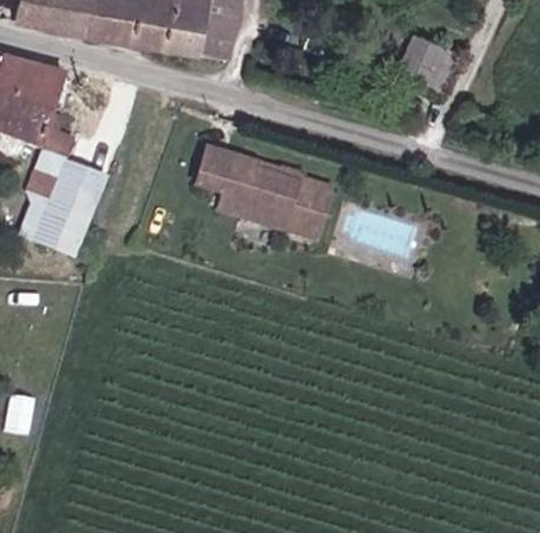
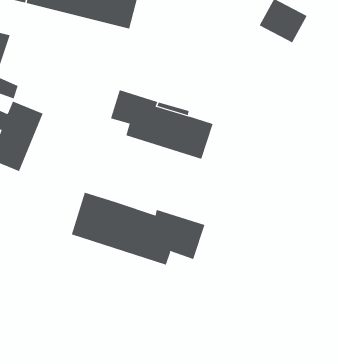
building: none -> [71,192,205,266]

